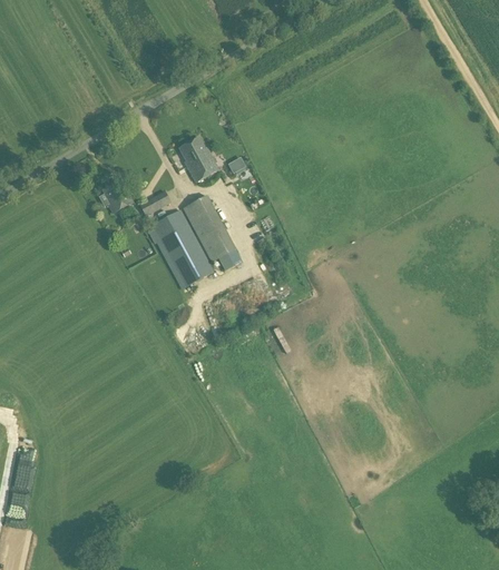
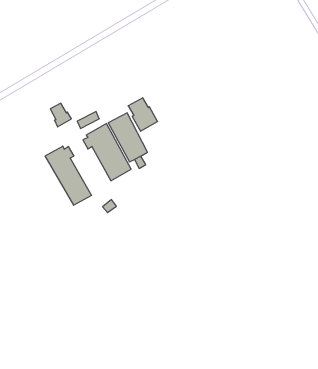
building: [178,137,218,183] -> [128,98,158,131]
building: none -> [45,146,91,205]

